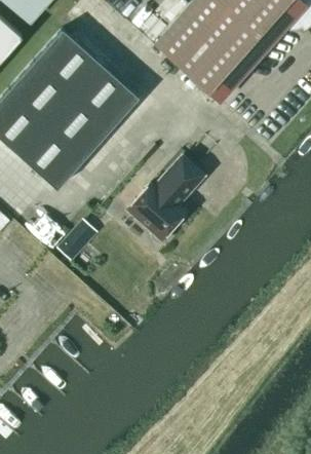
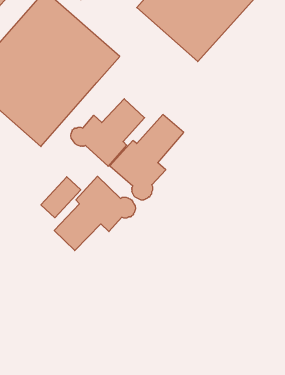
building: none -> [71,99,145,166]
building: none -> [54,176,136,251]

